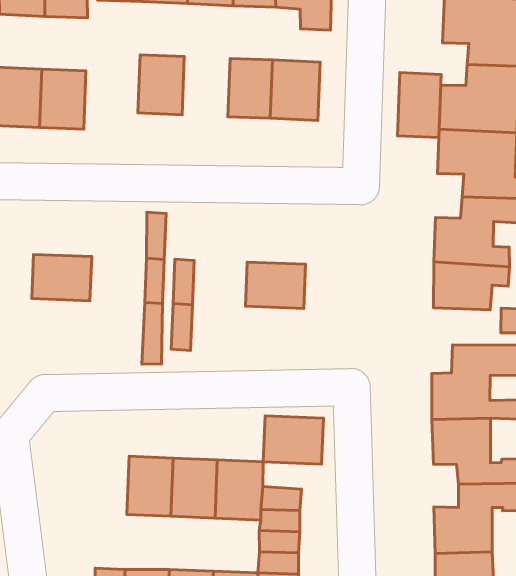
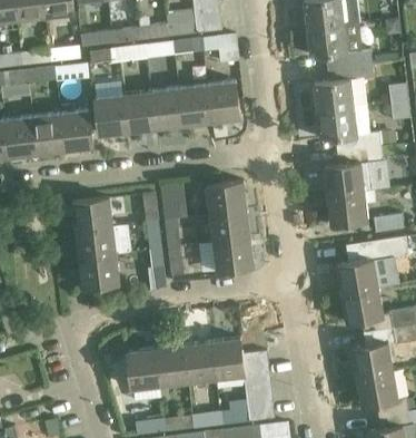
building: none -> [93,95,126,135]
building: none -> [149,88,182,128]
building: [397,73,441,138] -> none
building: none -> [160,184,185,220]
building: none -> [71,197,111,231]
building: none -> [206,181,246,214]
building: none -> [78,254,119,288]
building: [263,416,323,464] -> [212,237,252,271]
building: none -> [126,348,159,389]

